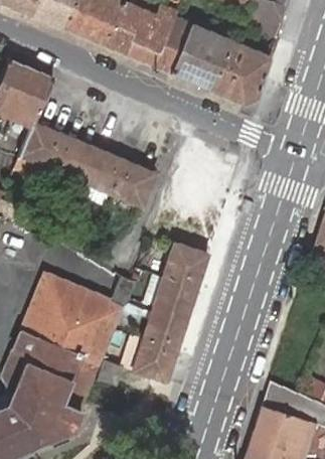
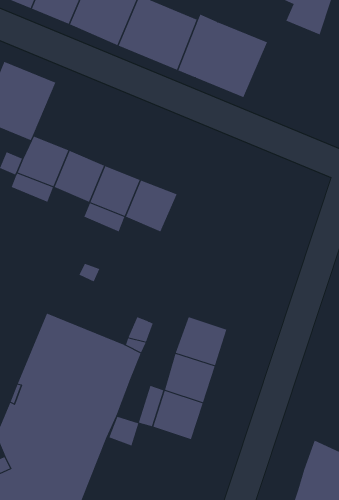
building: [211,42,270,103] -> none
building: [164,243,207,286] -> none

